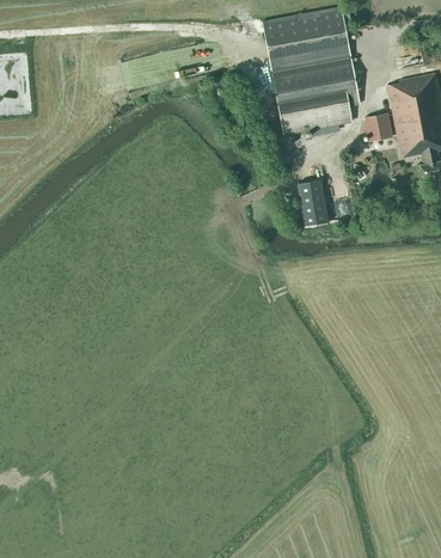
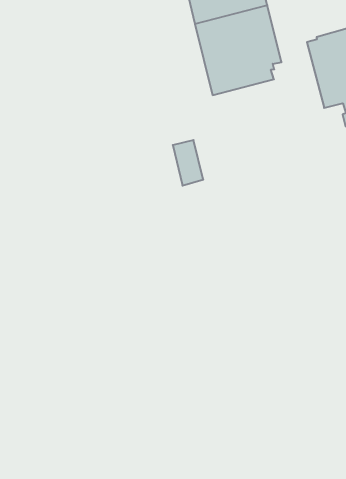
building: [365,114,391,141] -> none
building: [299,179,329,227] -> [173,140,203,186]

